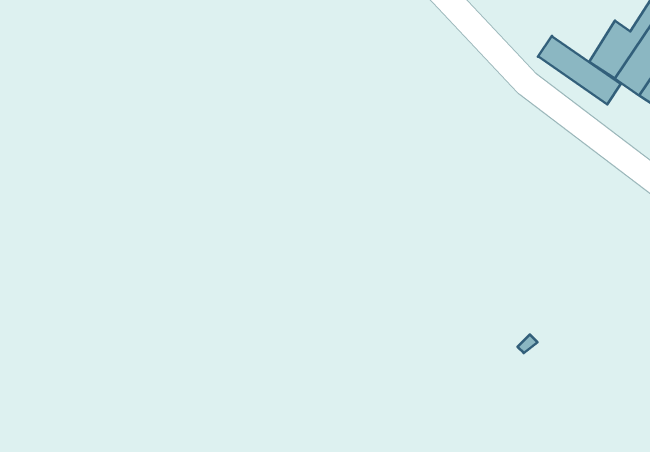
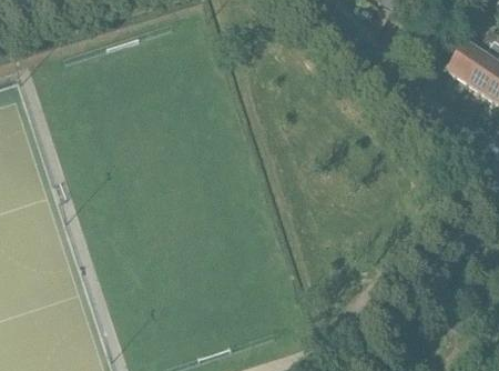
building: [538,36,621,104] -> none

